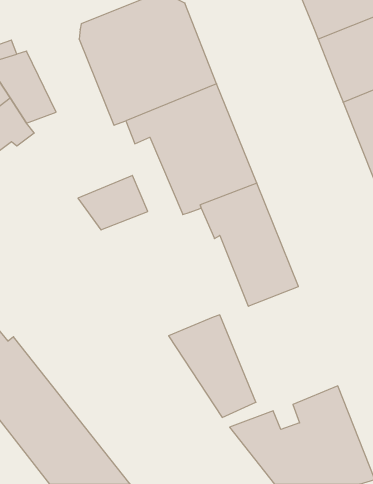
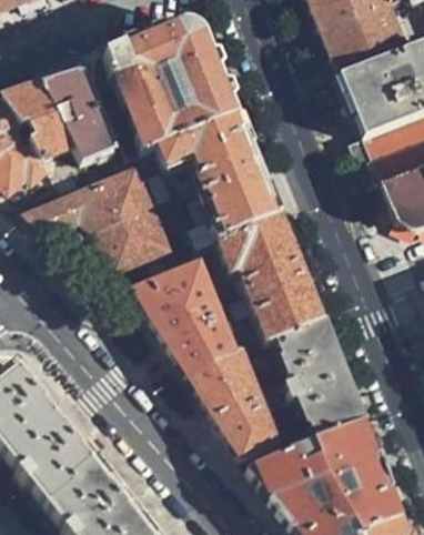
building: none -> [46,70,118,161]
building: none -> [34,168,153,232]
building: none -> [140,264,235,372]
building: none -> [256,322,362,448]

